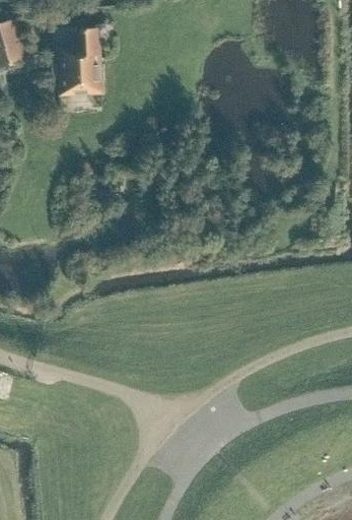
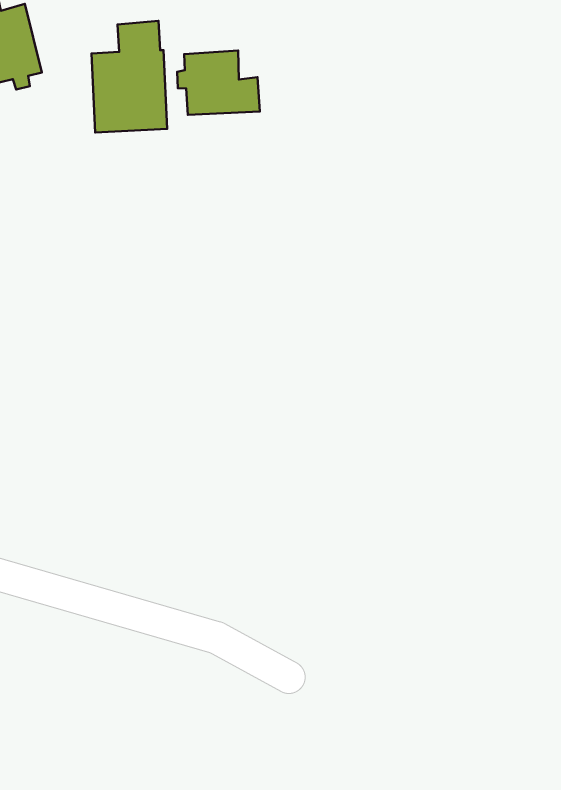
building: none -> [177,51,260,115]

